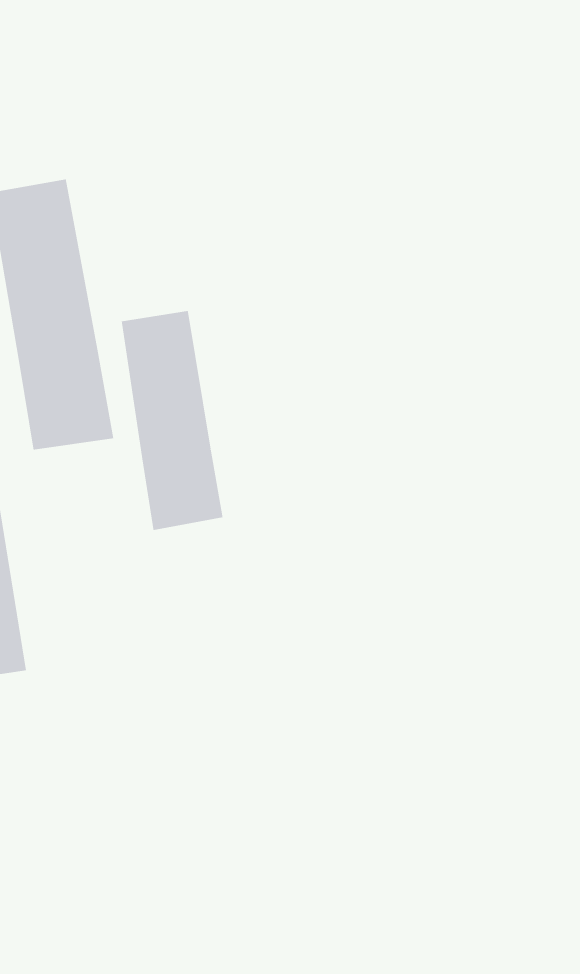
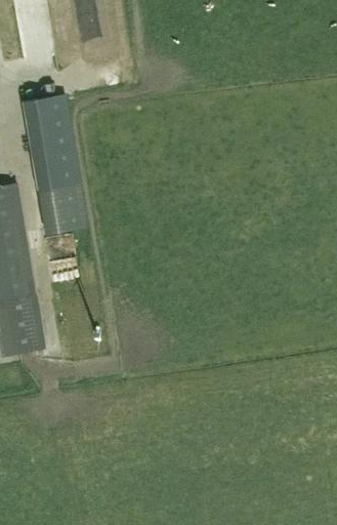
building: [121,310,223,531] -> none

